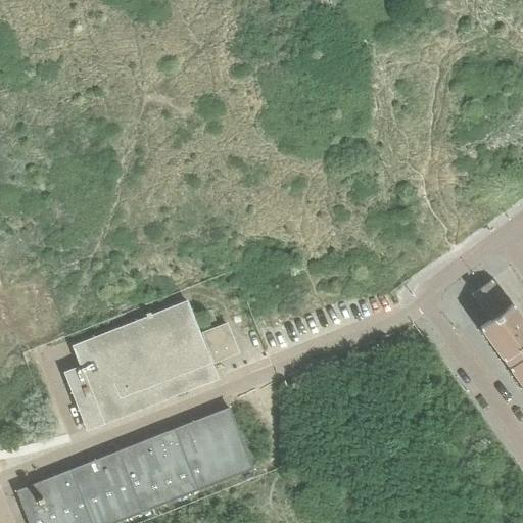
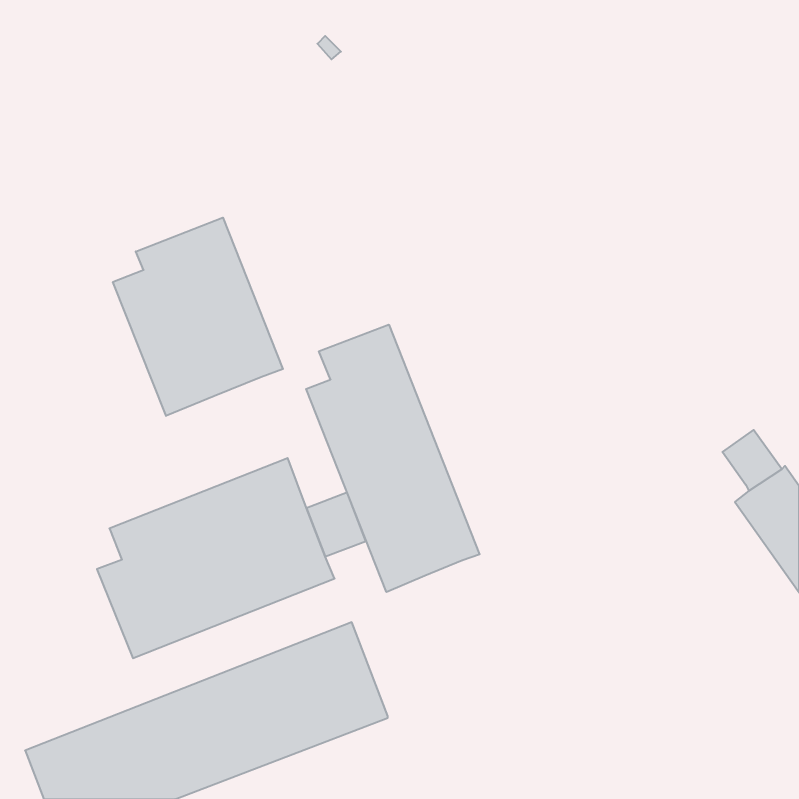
building: none -> [113,218,283,416]
building: none -> [306,325,480,592]

